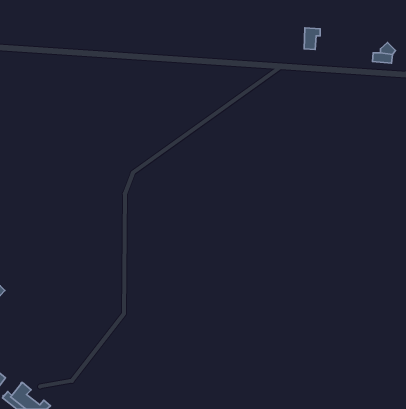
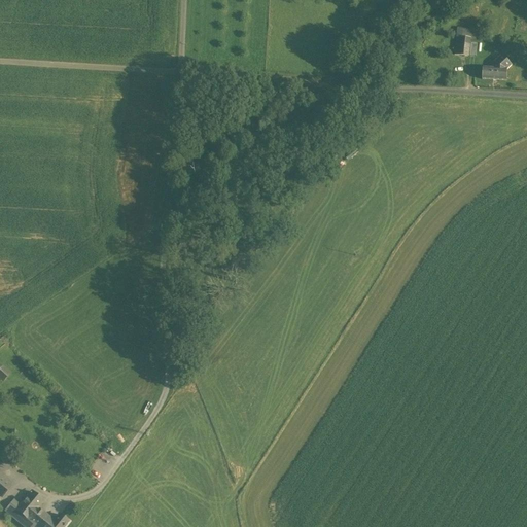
building: [304,28,320,50] -> [451,24,471,51]

